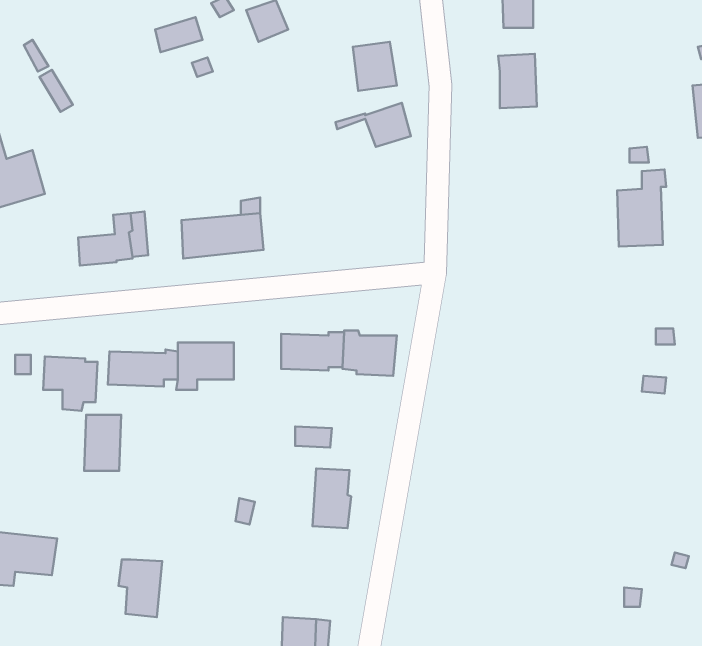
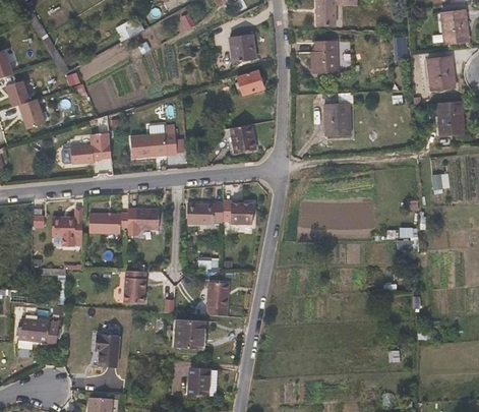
building: [617,170,666,246] -> [324,91,353,135]
building: none -> [222,123,253,153]
building: [84,415,121,471] -> [124,271,145,303]
building: none -> [177,318,204,349]

